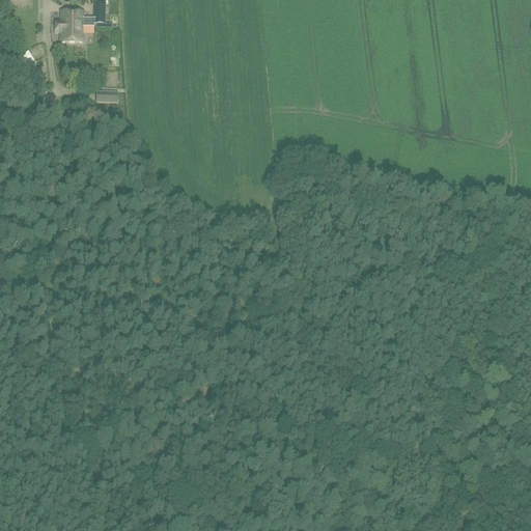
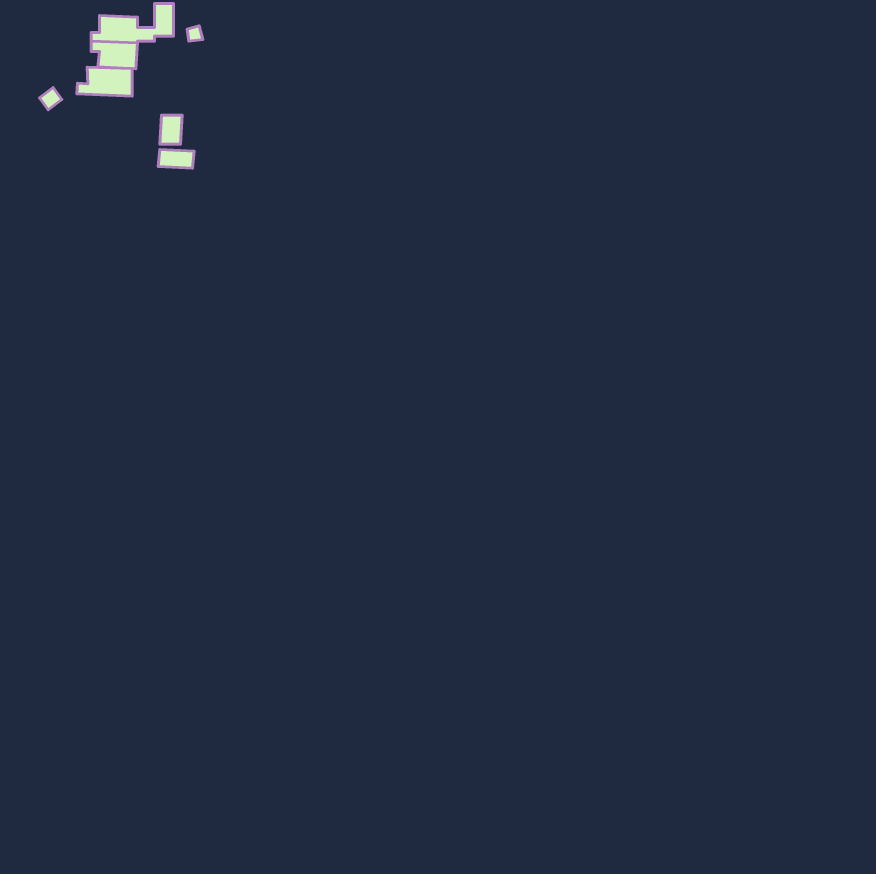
building: none -> [77,67,132,96]

